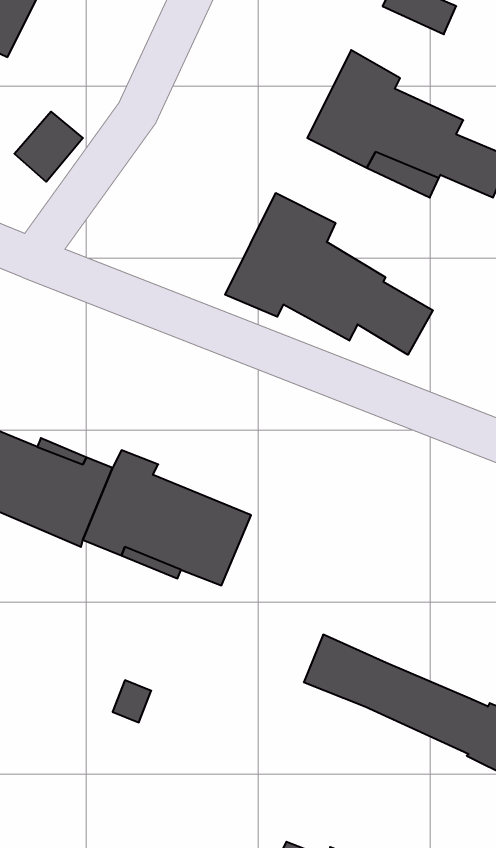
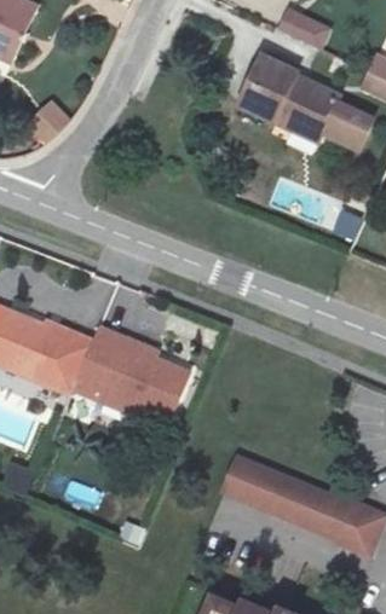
building: [225,193,433,355] -> none

